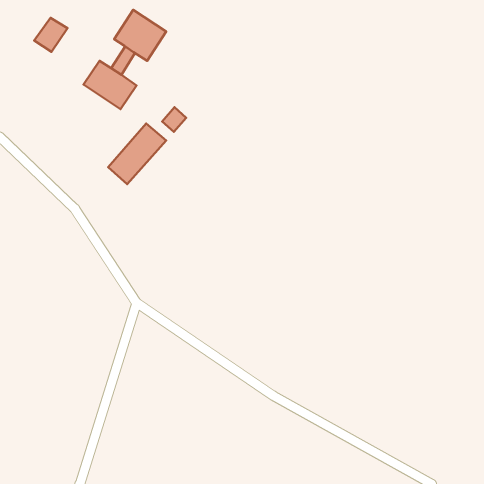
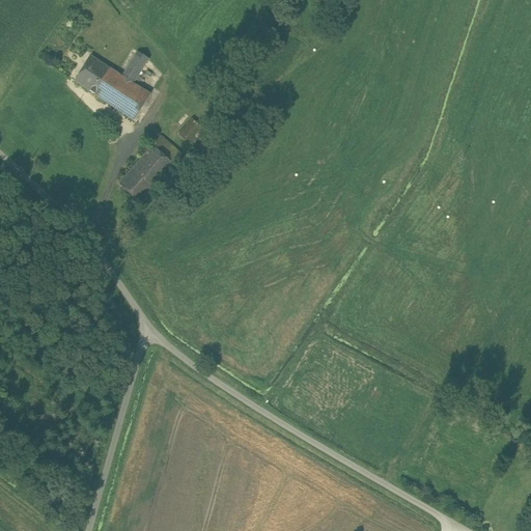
building: [114,10,166,61] -> none
building: [34,18,68,52] -> [73,55,109,92]

